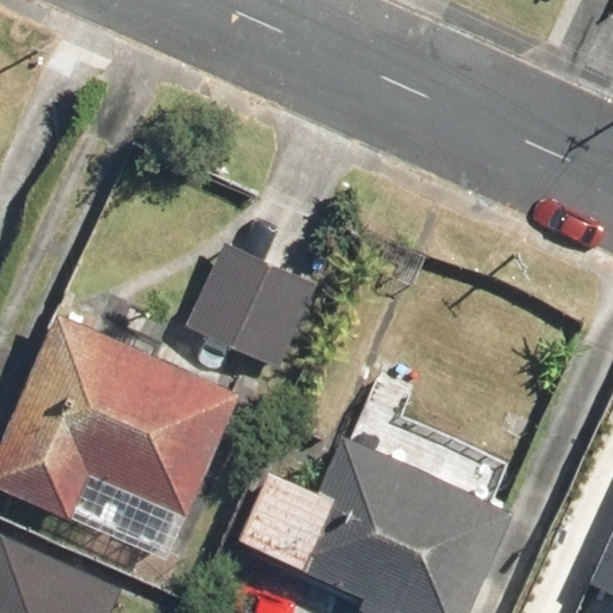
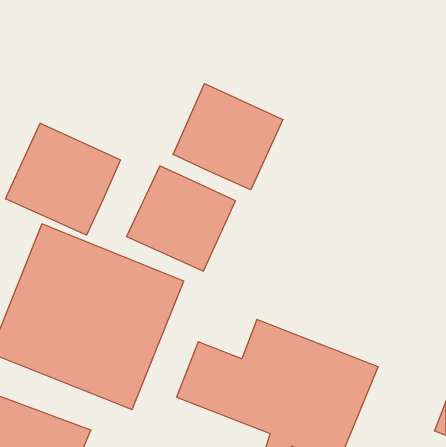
building: none -> [173,84,283,190]
building: none -> [5,123,121,235]

